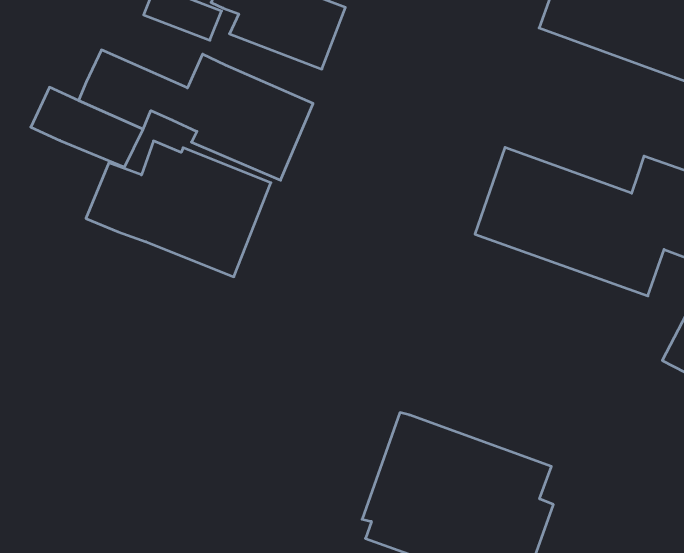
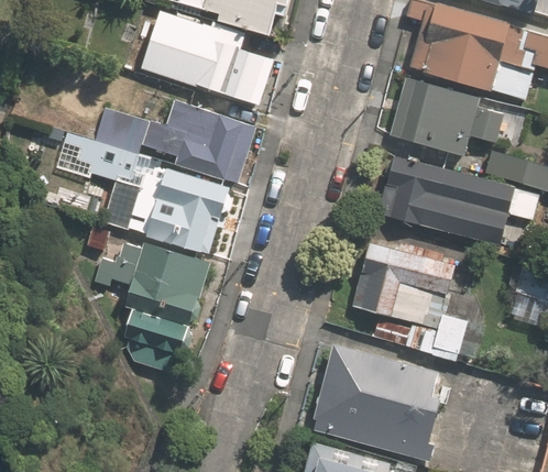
building: none -> [387,76,500,156]
building: none -> [78,224,210,374]
building: none -> [350,238,465,362]

